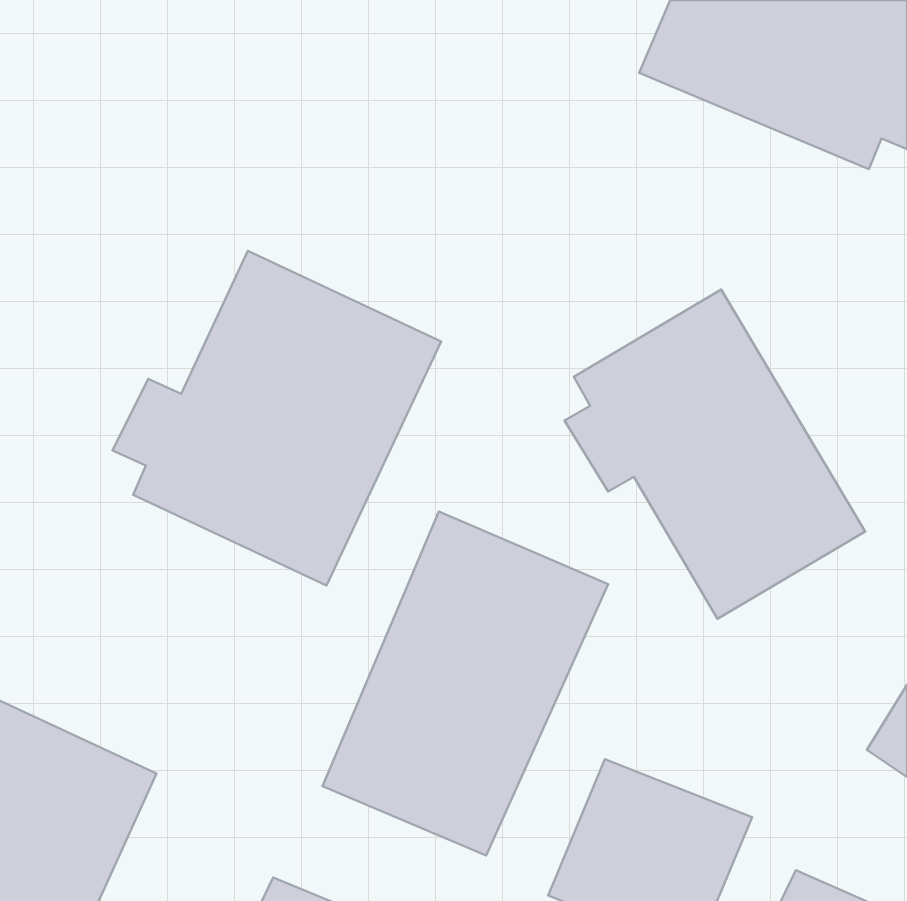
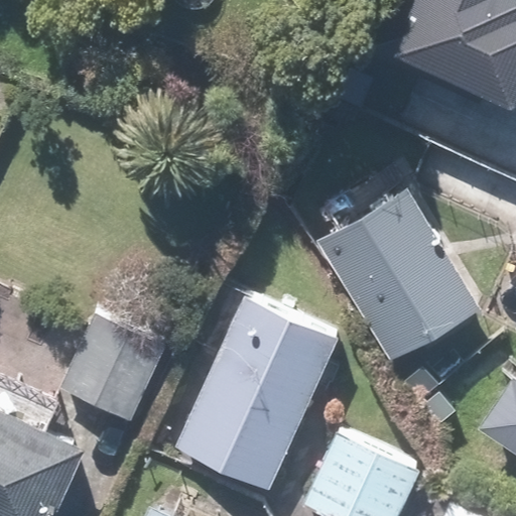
building: [113,251,441,586] -> none
building: none -> [52,307,170,429]

